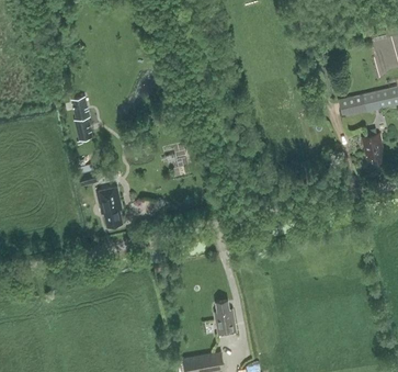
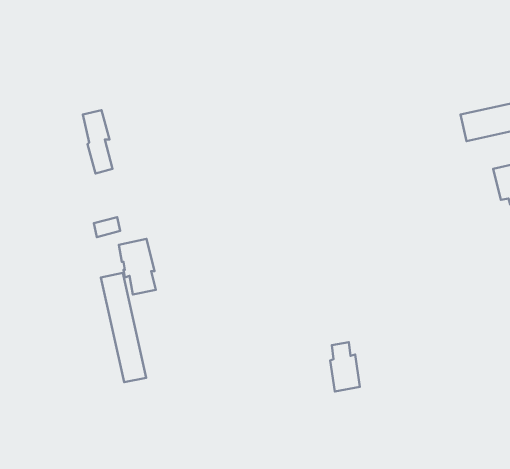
building: none -> [101,273,146,382]
building: [215,300,236,335] -> [330,342,360,392]

